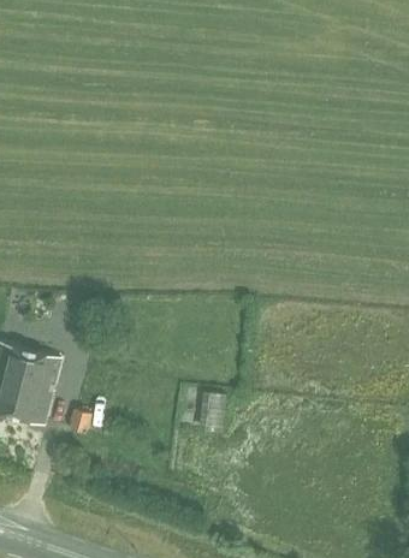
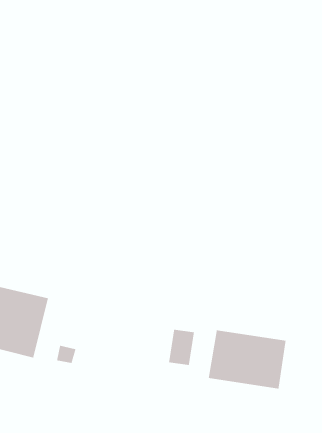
building: none -> [208,329,286,390]

